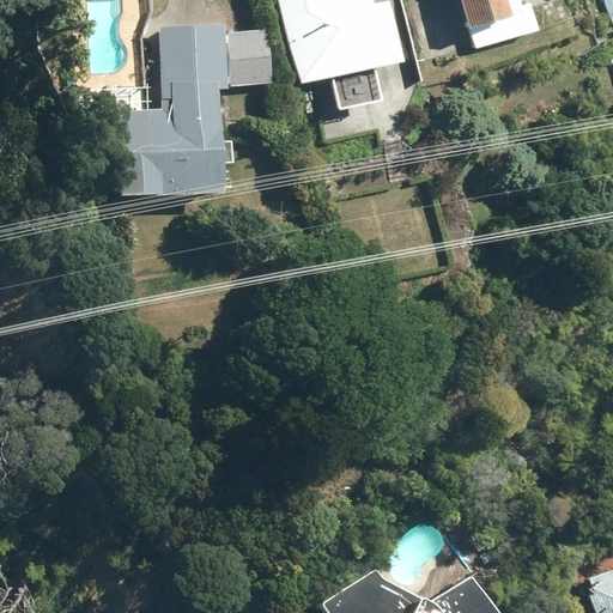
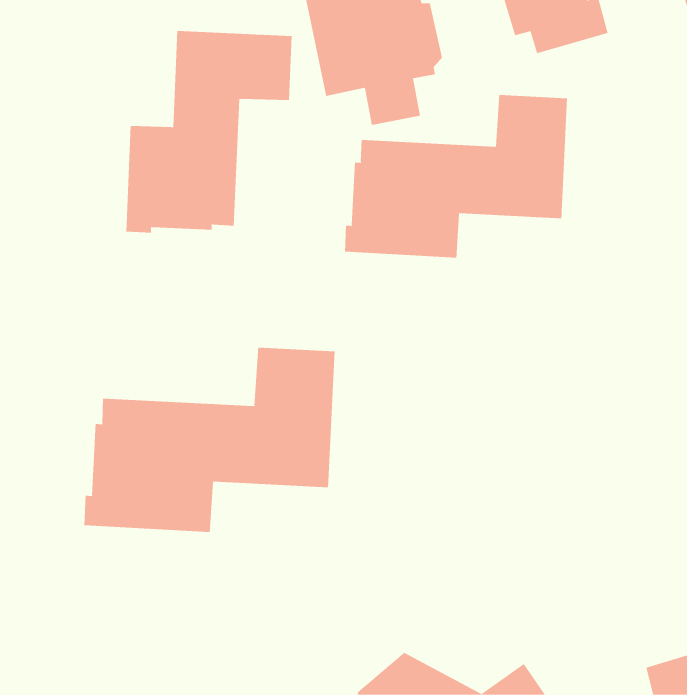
building: none -> [344,94,567,258]
building: none -> [84,347,335,533]

